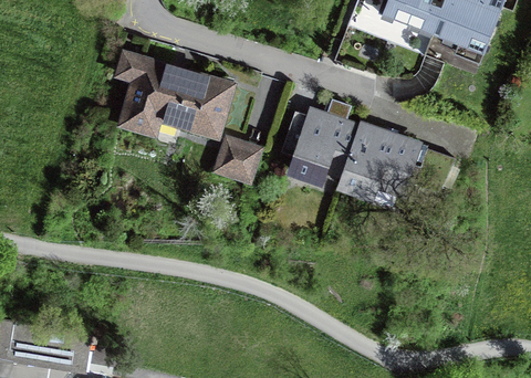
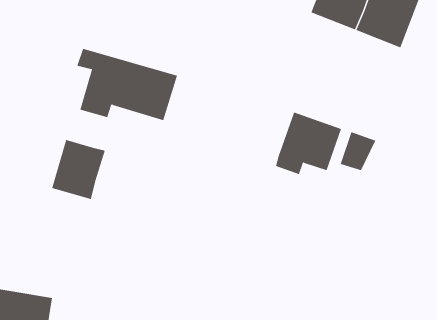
building: [289,101,360,182] -> none
building: [215,139,257,181] -> none
building: none -> [51,139,105,200]

